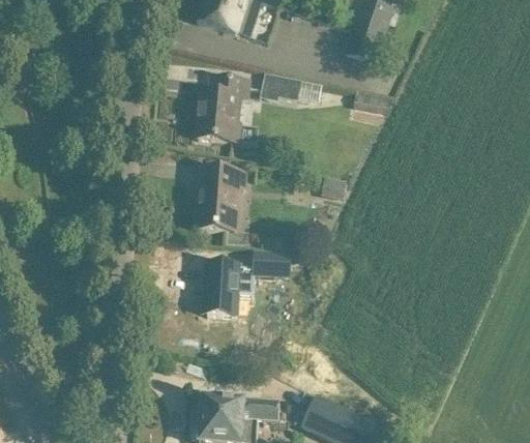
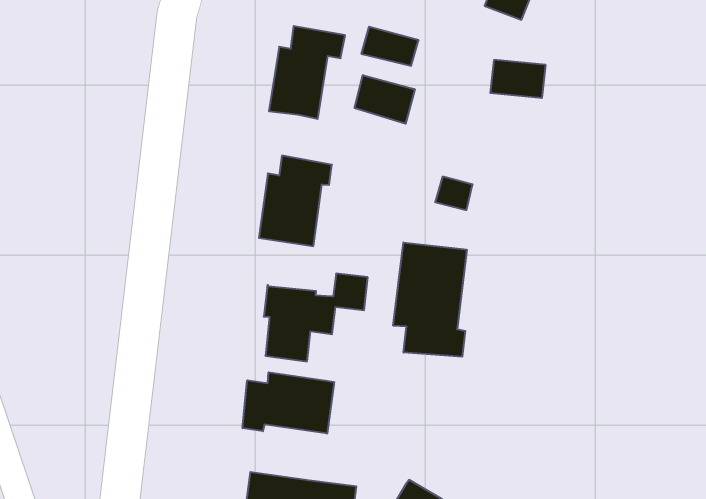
building: none -> [355,75,415,124]
building: none -> [393,242,467,357]
building: none -> [243,372,334,434]

